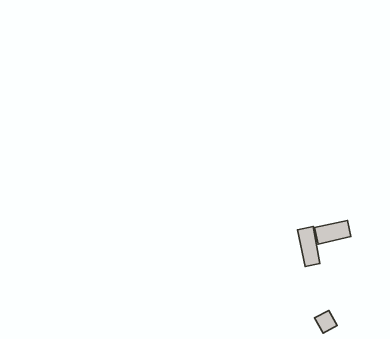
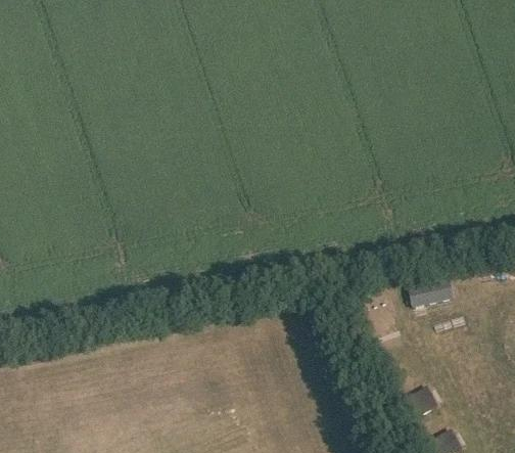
building: [298,227,320,266] -> none

